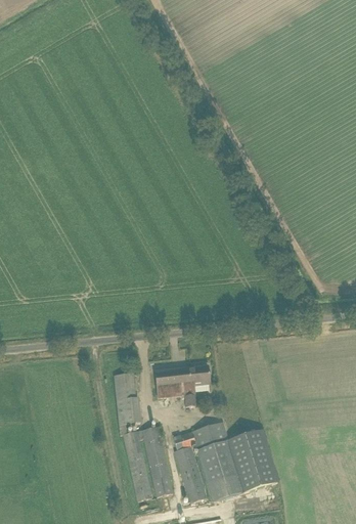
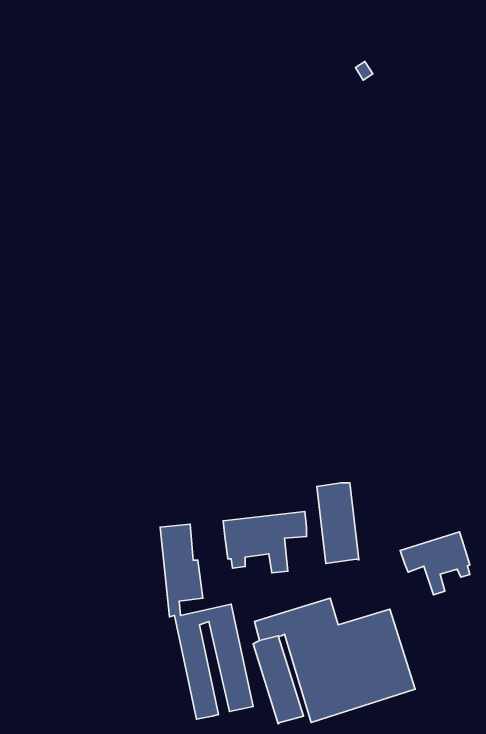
building: none -> [317,483,359,564]
building: none -> [400,532,470,595]

